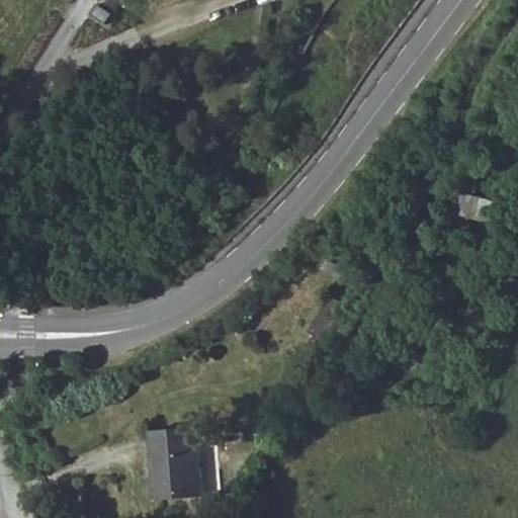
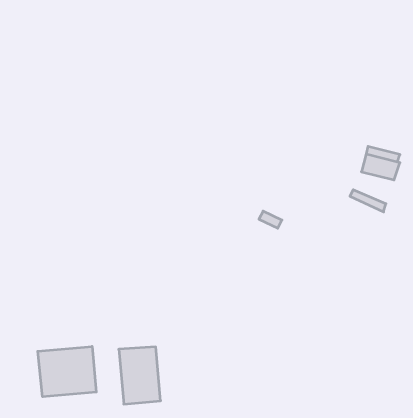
building: none -> [38,346,96,397]

